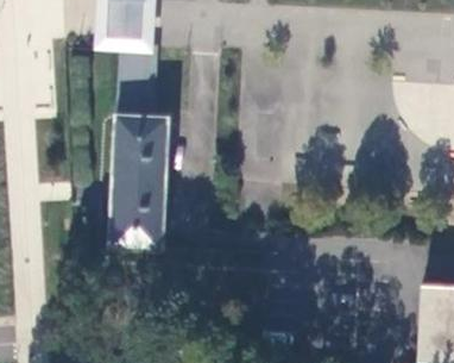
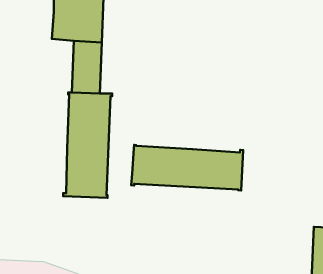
building: none -> [131,145,243,190]

